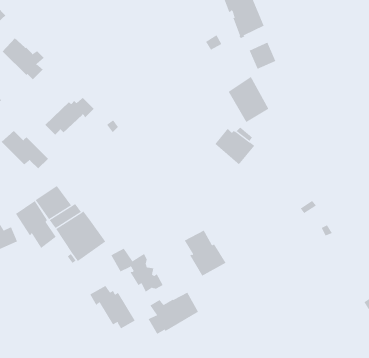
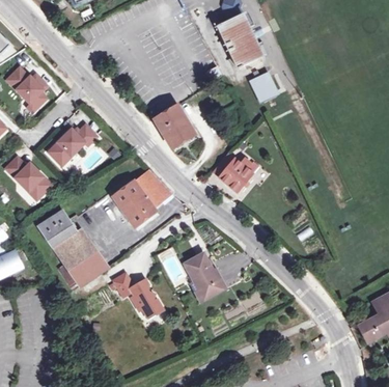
building: [228,76,269,123] -> [154,104,194,149]
building: none -> [108,170,170,226]
building: [15,200,57,249] -> none
building: [90,285,135,329] -> none
building: [148,292,199,335] -> none

